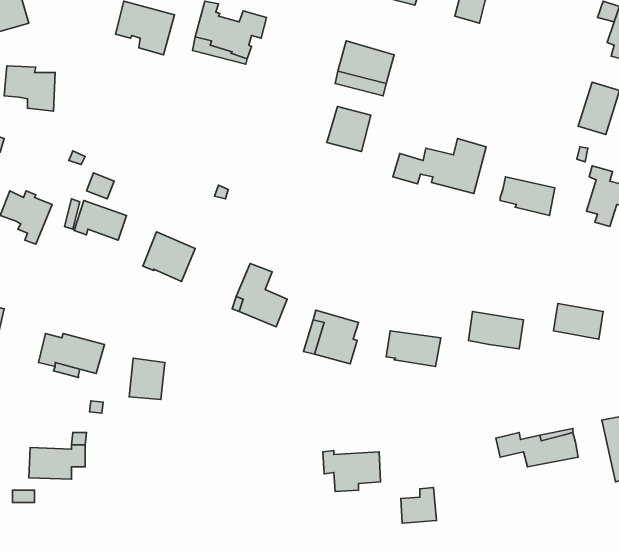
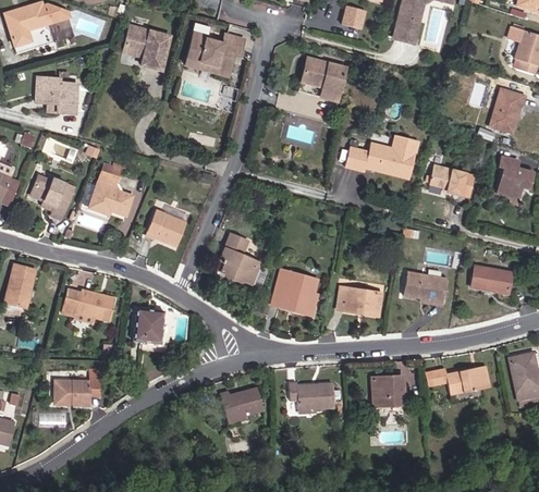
building: [327,107,371,152] -> none
building: none -> [221,388,265,420]
building: [401,488,436,523] -> [375,377,403,405]

